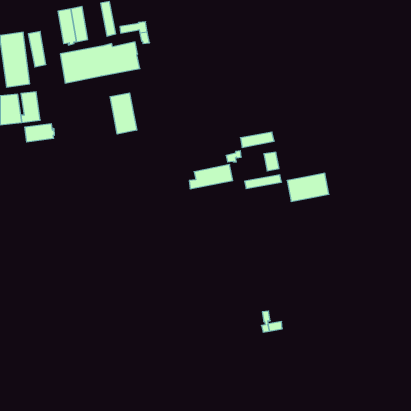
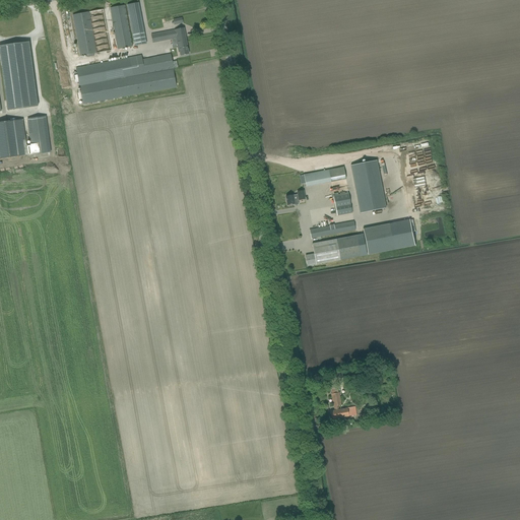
building: [28,31,46,67] -> [110,4,132,49]
building: [110,93,137,134] -> none
building: [25,124,54,142] -> none
building: none -> [350,159,386,212]
building: [189,165,233,189] -> [306,235,361,265]

